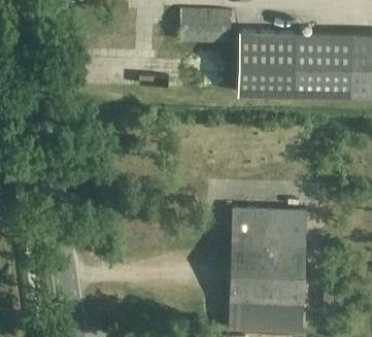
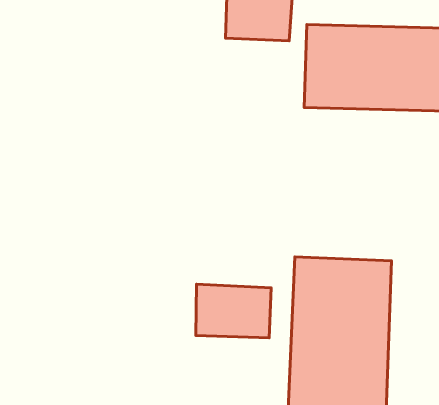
building: none -> [196,284,271,338]

